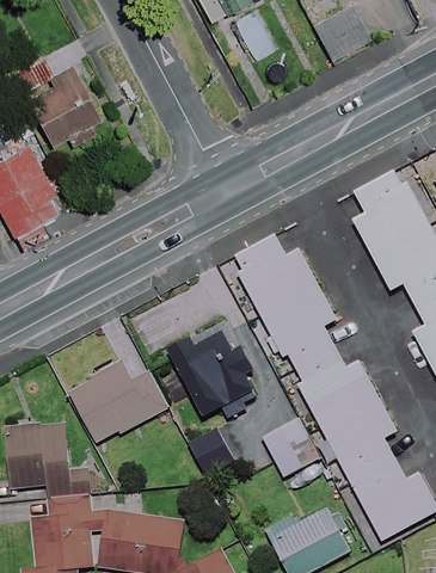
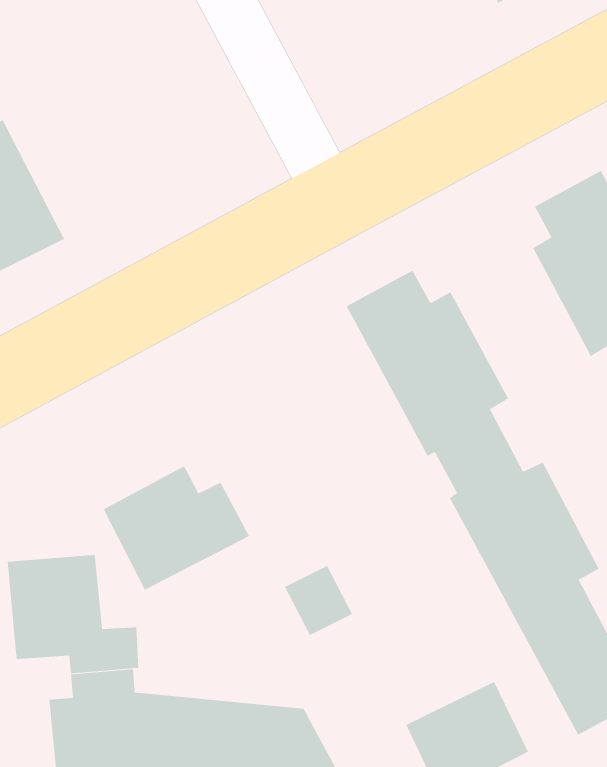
building: [16,72,96,147] -> none
building: [171,322,277,419] -> none
building: [263,418,320,478] -> none

